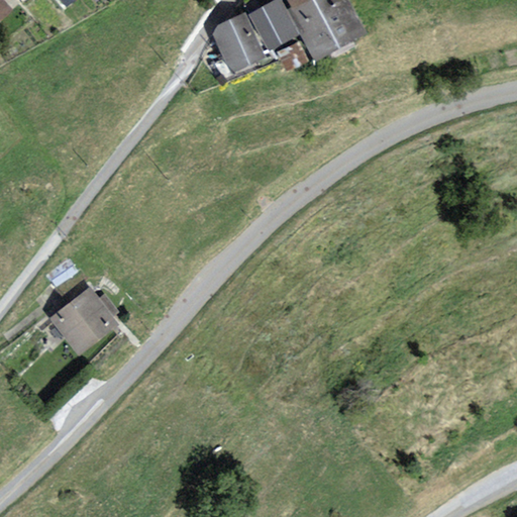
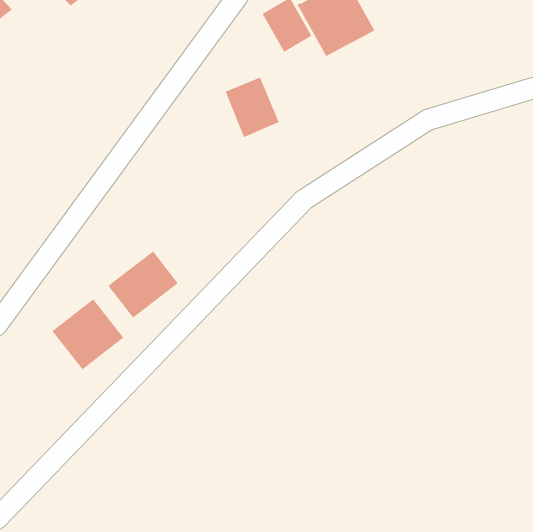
building: [211,12,264,71] -> [225,77,279,138]
building: none -> [108,250,179,318]

